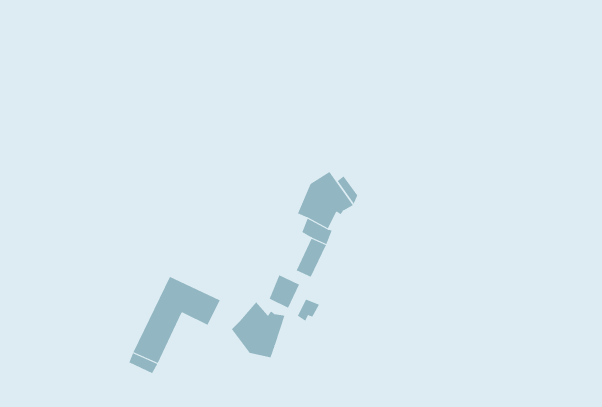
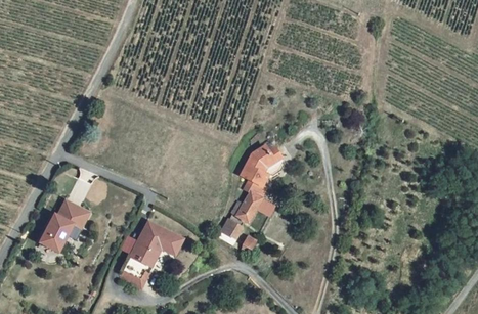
building: none -> [39,196,88,248]
building: [231,301,285,358] -> none

